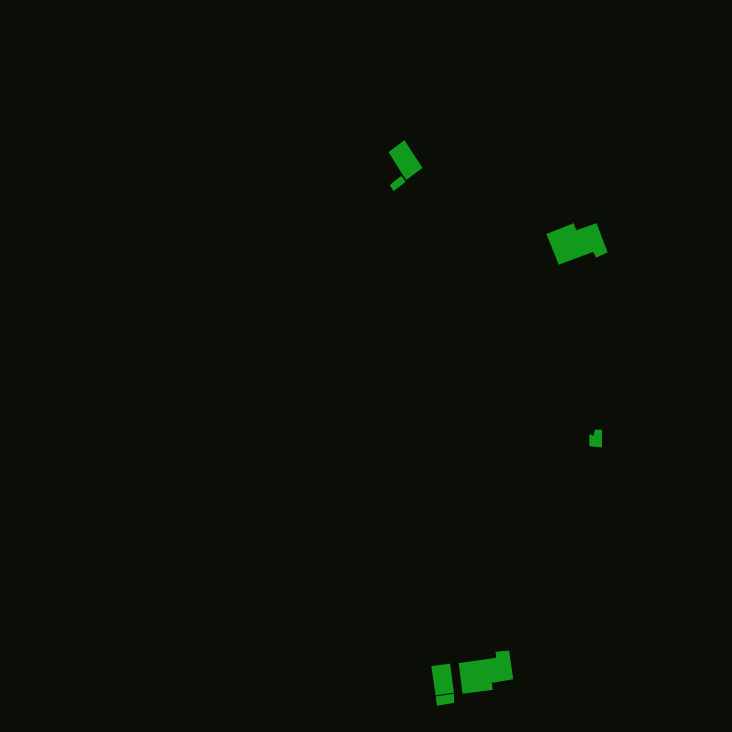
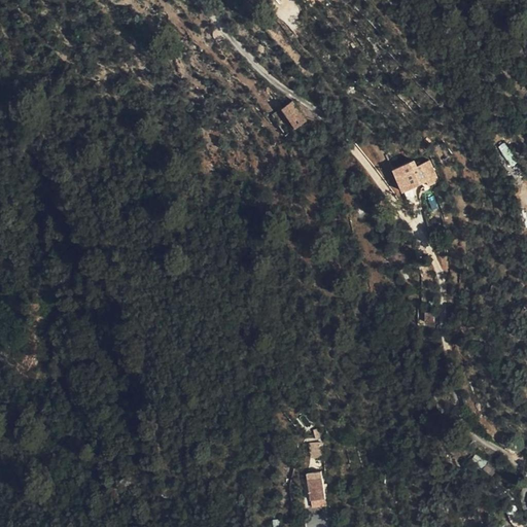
building: [458,650,514,695] -> none

